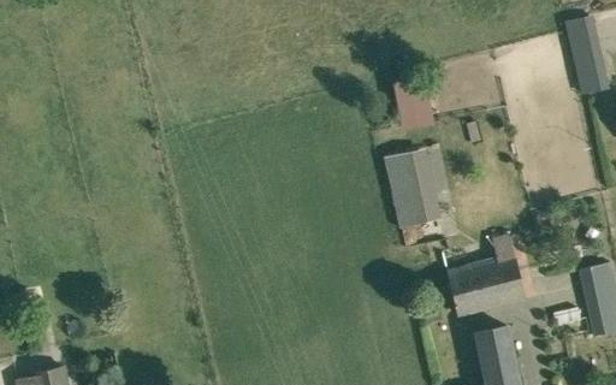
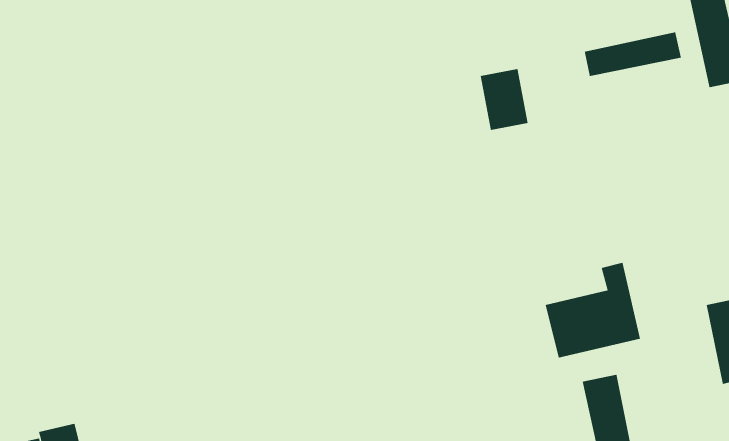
building: none -> [584,31,682,77]
building: [385,147,442,226] -> none

